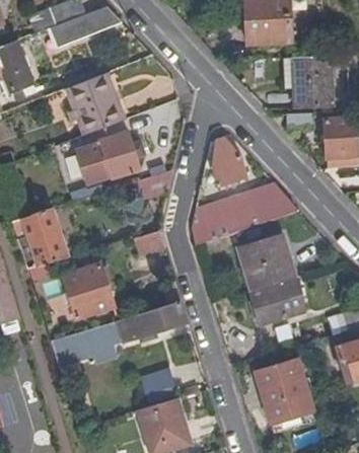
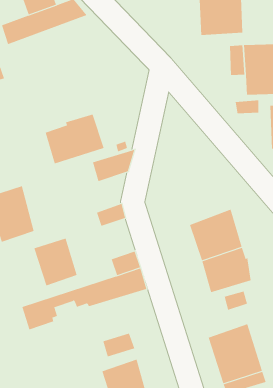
building: [66,68,126,134] -> none
building: [208,139,245,188] -> none
building: [190,184,291,246] -> none

